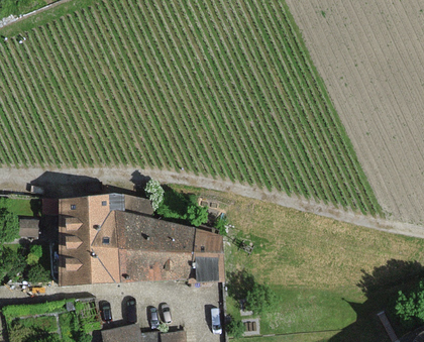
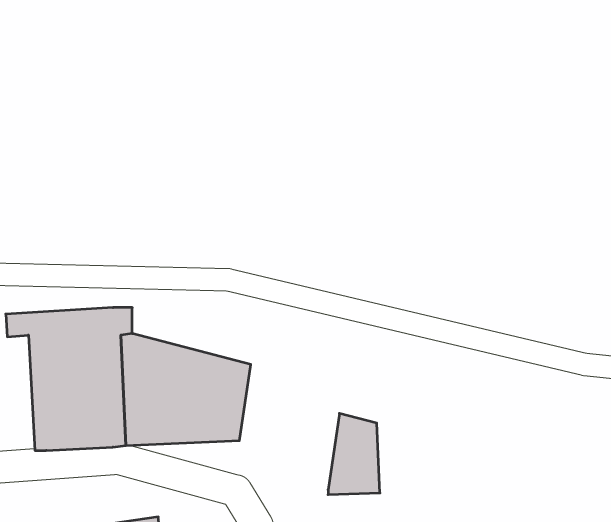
building: [188,230,220,280] -> [328,413,380,495]

